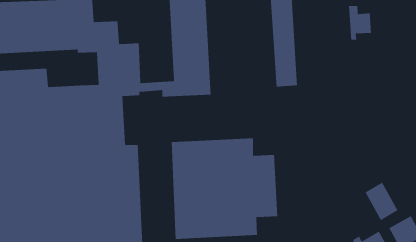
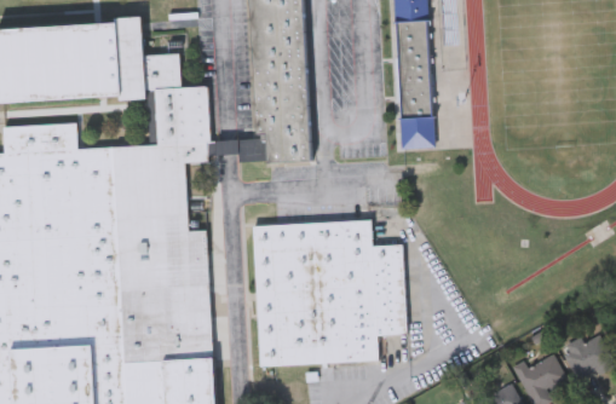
building: [348,5,372,41] -> none
building: [364,182,399,221] -> none

